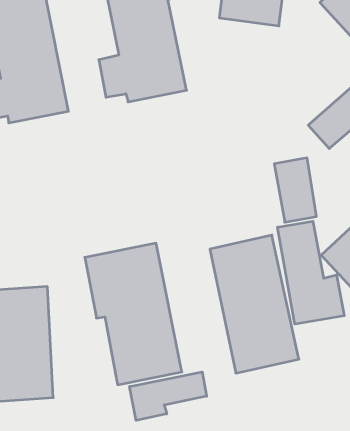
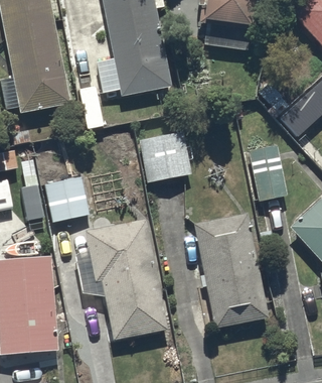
building: none -> [139,130,193,181]
building: none -> [44,173,91,222]
building: [278,221,344,324] -> none
building: [130,372,207,420] -> none

